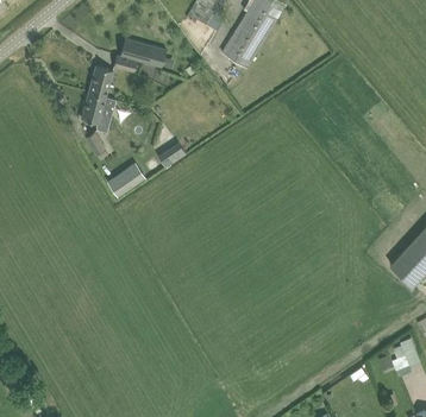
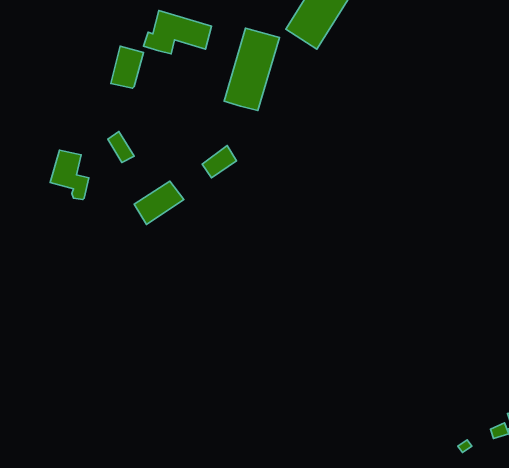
building: none -> [224,28,279,110]
building: [81,94,111,132] -> [50,150,89,200]

